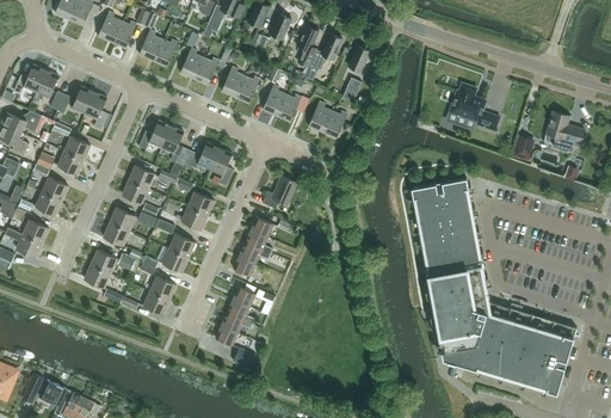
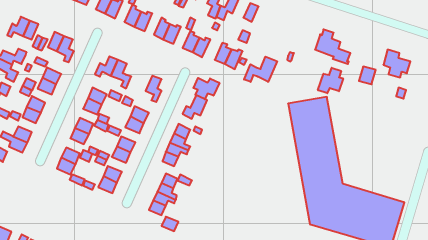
building: none -> [244,57,277,82]
building: none -> [318,68,343,93]
building: [181,142,218,170] -> none
building: none -> [193,78,219,99]

